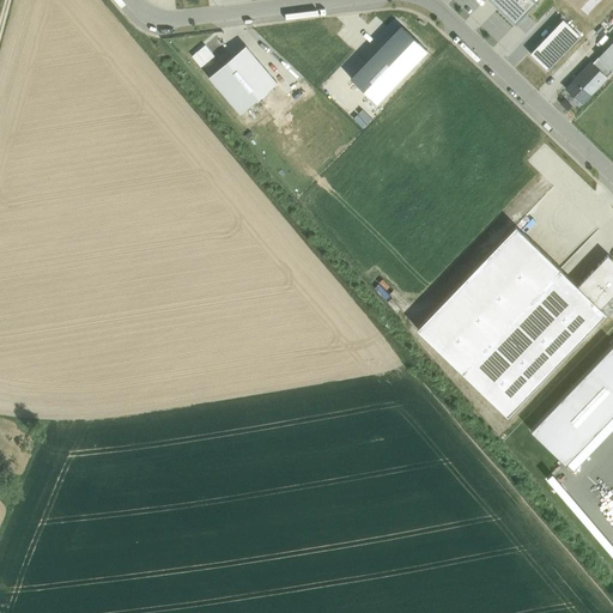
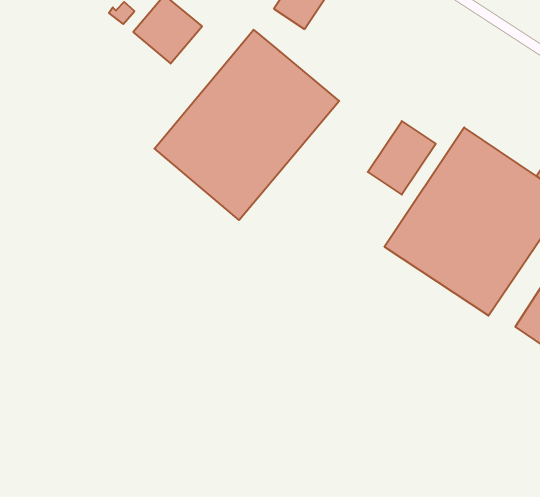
building: none -> [154,30,339,220]
building: none -> [368,121,436,195]

